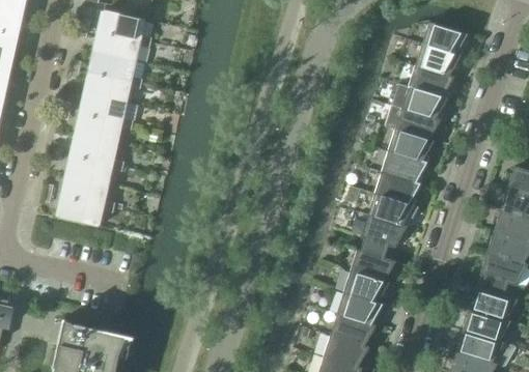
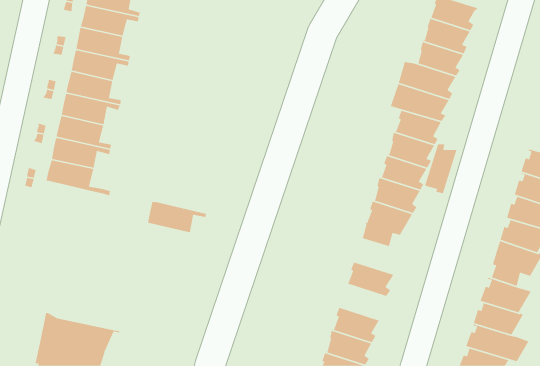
building: none -> [423,144,457,194]
building: [57,198,113,228] -> [147,201,207,233]
building: [350,251,395,285] -> none
building: [336,293,381,327] -> none

